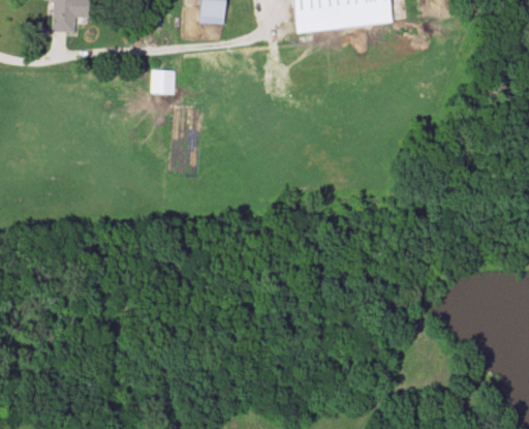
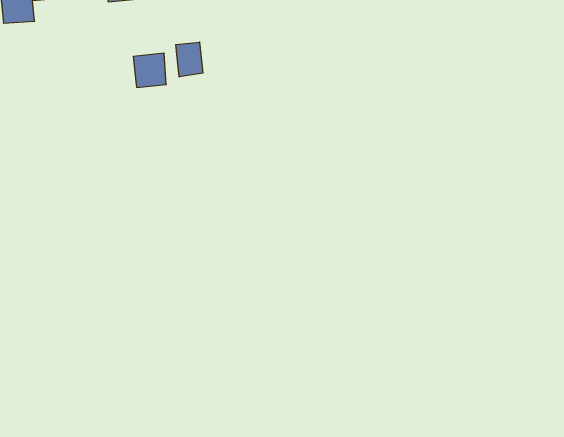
building: none -> [176,42,203,77]

